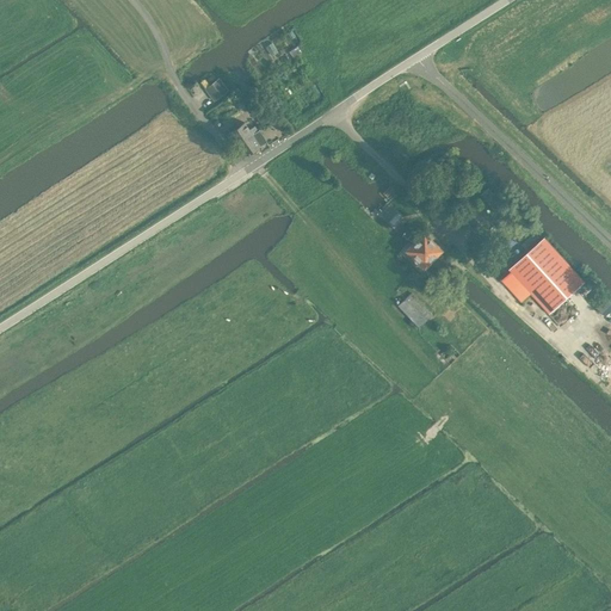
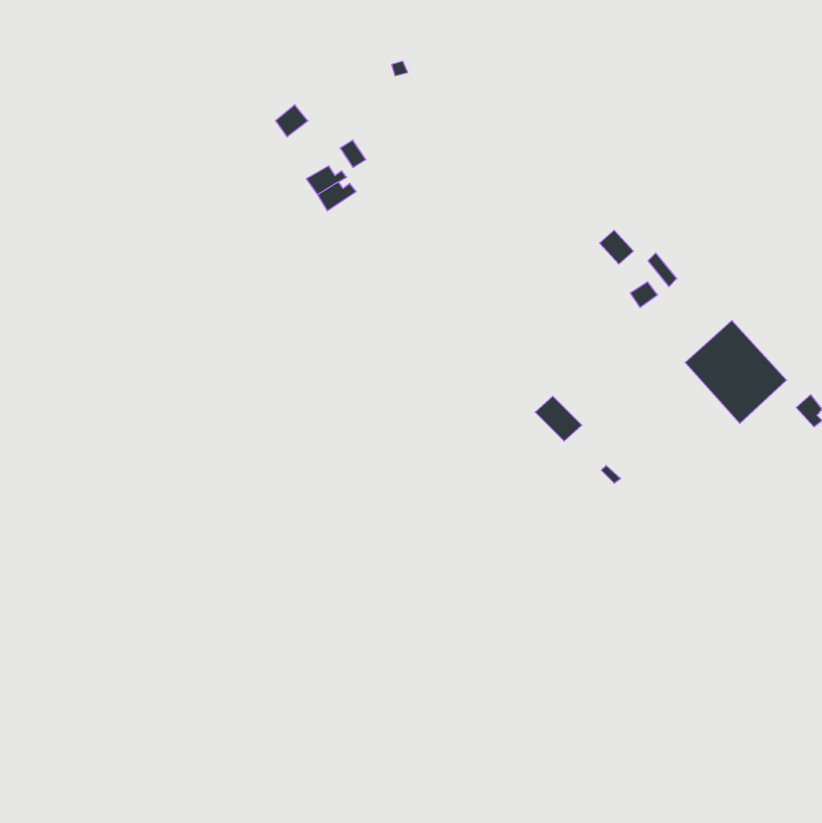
building: [407,234,439,267] -> none

